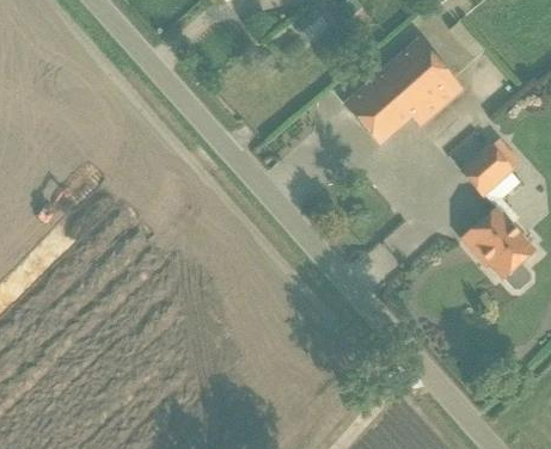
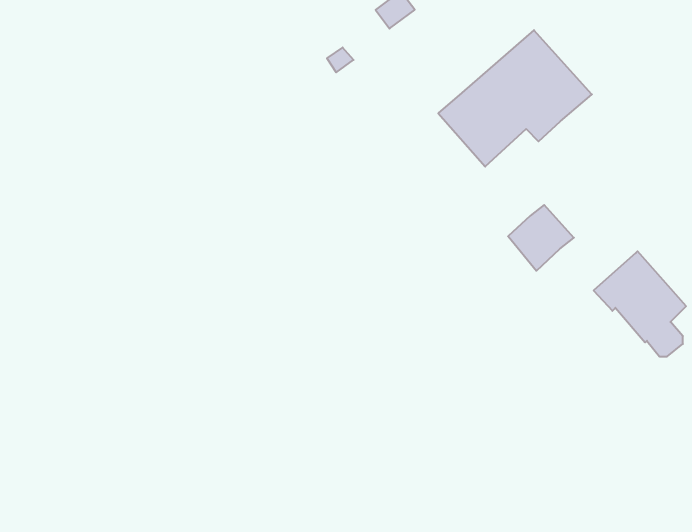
building: [463,143,513,193] -> [508,205,574,271]

